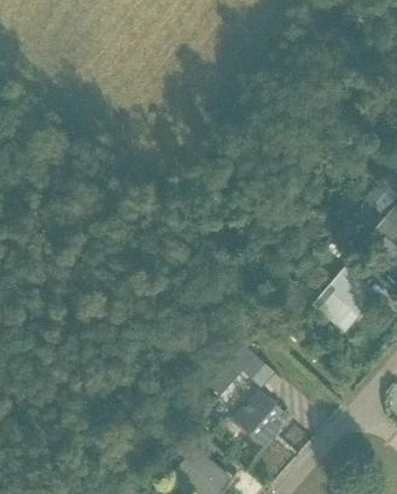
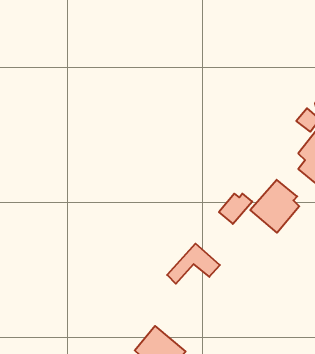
building: [229,388,292,449] -> none

